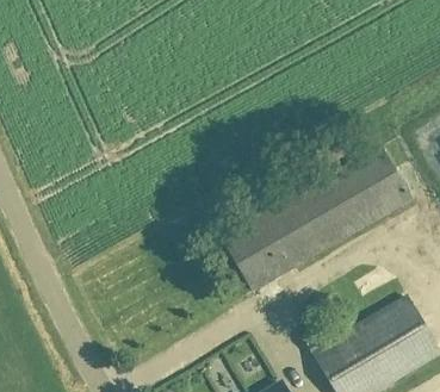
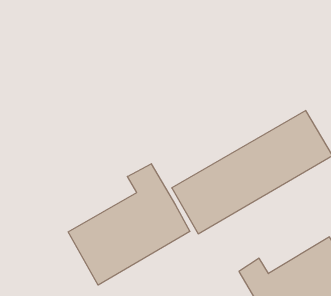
building: none -> [68,164,190,285]

